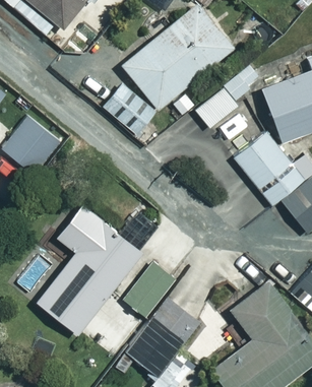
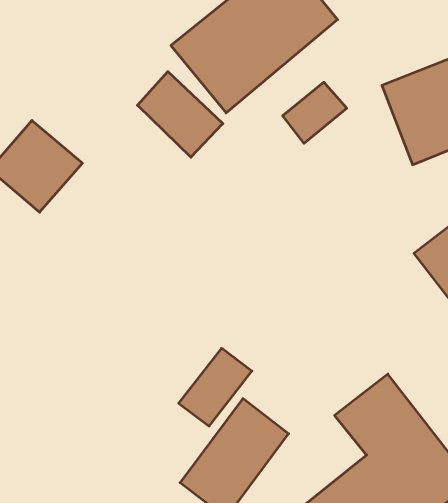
building: [235,134,302,204] -> none
building: [38,204,142,334] -> none

